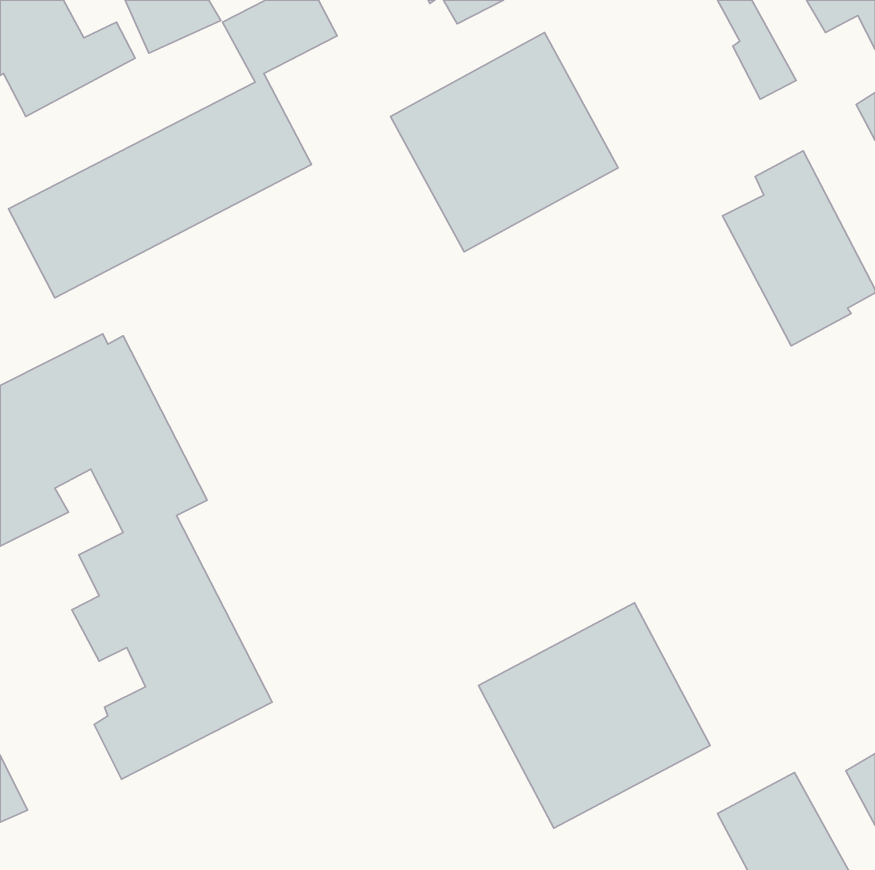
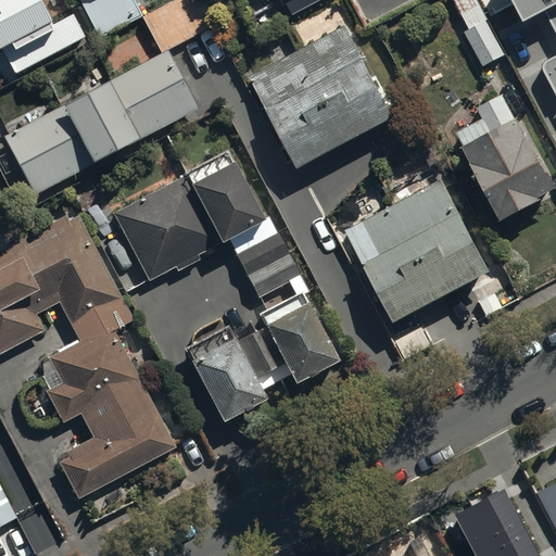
building: none -> [113,157,337,417]
building: none -> [343,176,491,317]
building: [478,603,710,828] -> none

